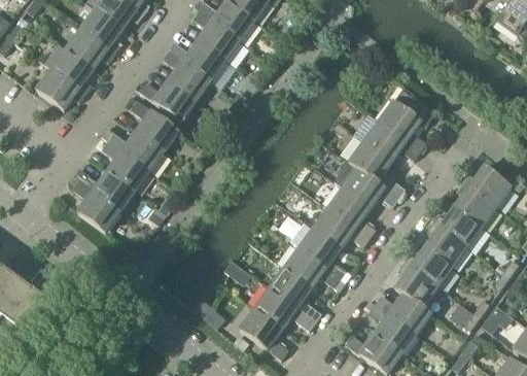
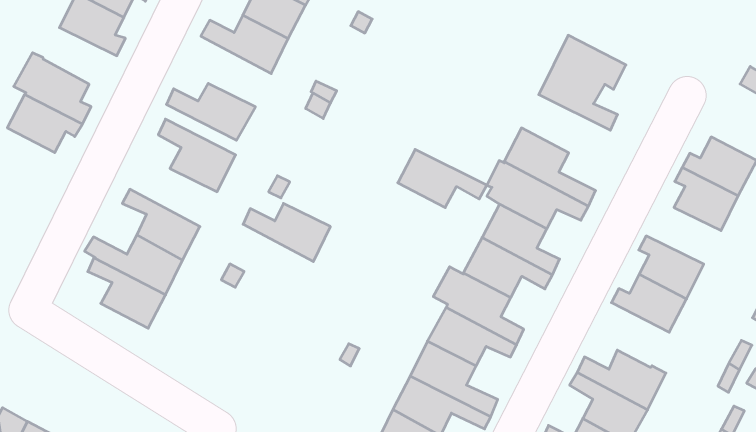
building: [65,31,112,70] -> none
building: [163,50,209,101] -> none
building: [363,122,420,162] -> [398,149,487,208]
building: [107,132,163,172] -> [243,203,330,262]
building: [432,207,481,246] -> none
building: [394,262,437,307] -> none

